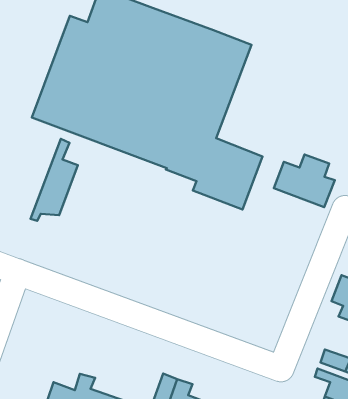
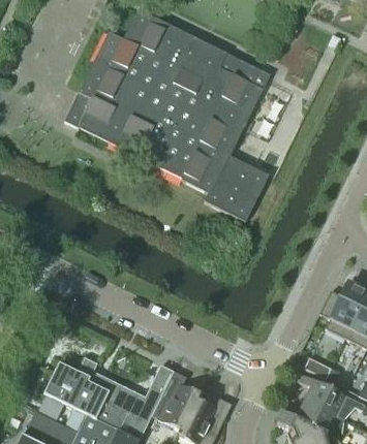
building: [30,139,78,221] -> none
building: [274,154,335,207] -> none

